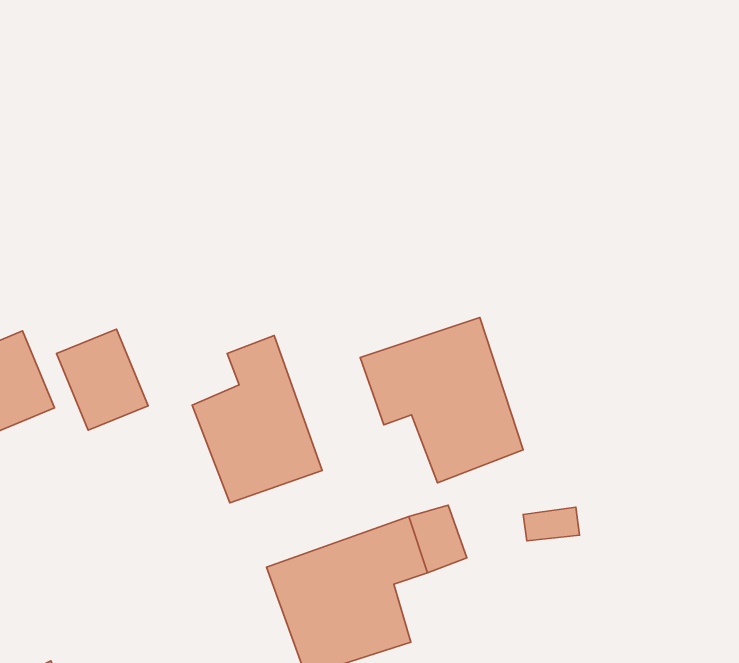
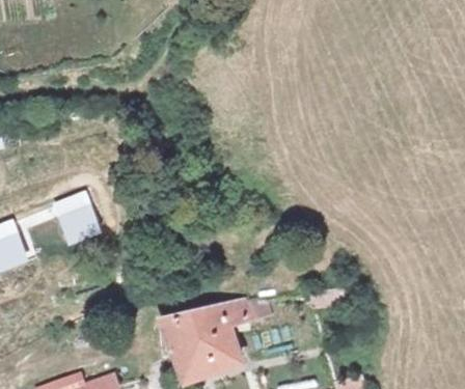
building: [360,318,523,483] -> none
building: [192,336,322,503] -> none

